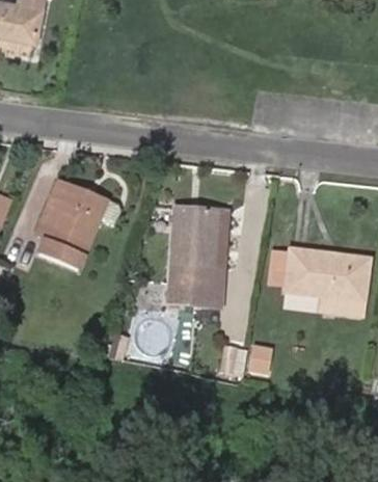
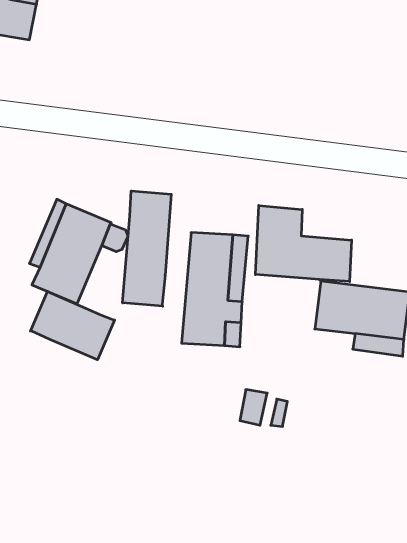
building: none -> [123,191,171,306]
building: none -> [255,205,352,282]
building: none -> [30,291,115,360]

